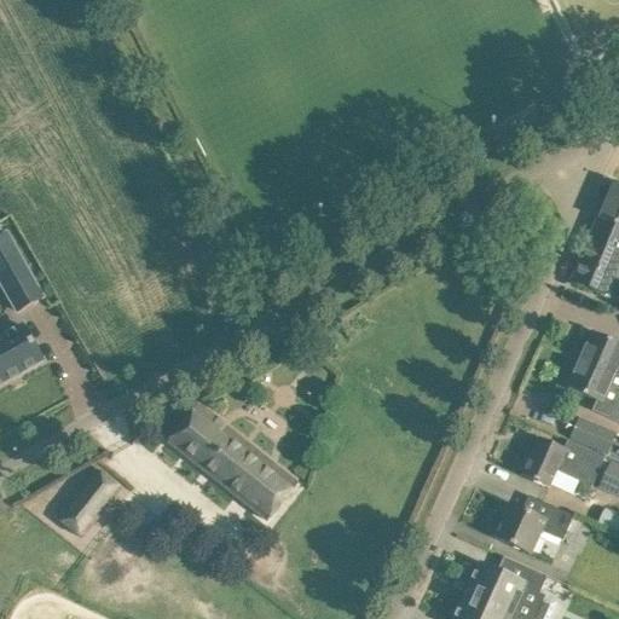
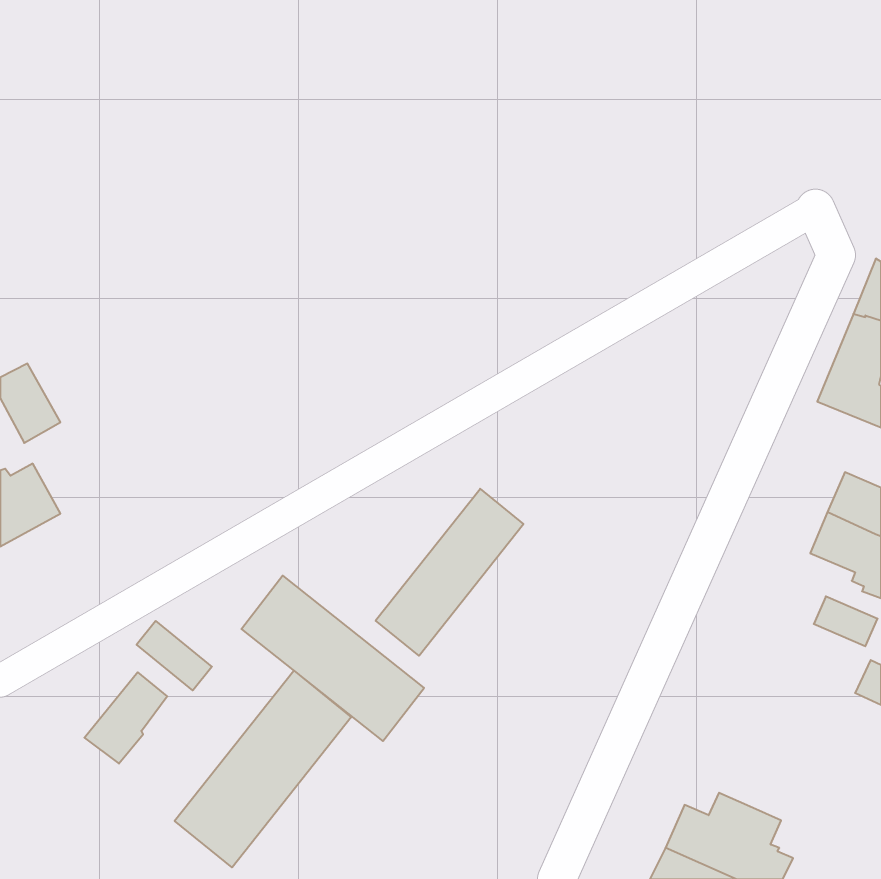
building: none -> [376,489,523,656]
building: none -> [137,621,212,690]
building: [519,438,603,494] -> none
building: none -> [175,671,351,867]
building: [494,499,573,554] -> none

